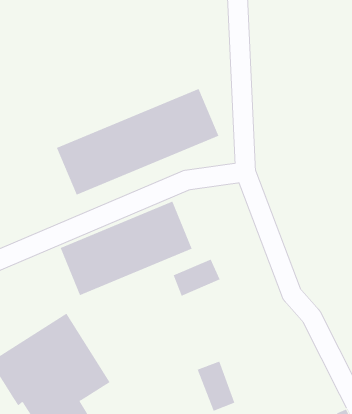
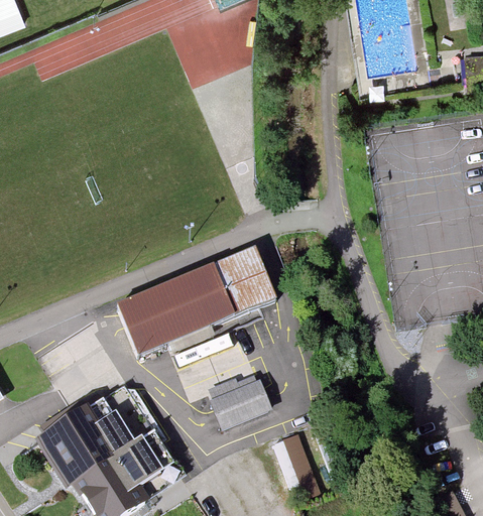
building: [56,88,219,195] -> none
building: [173,259,221,297] -> [213,383,269,427]

